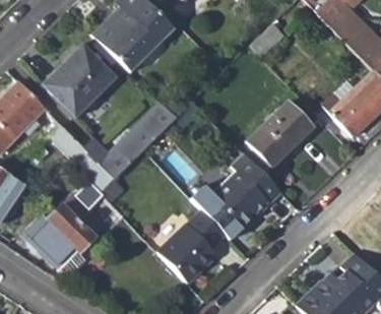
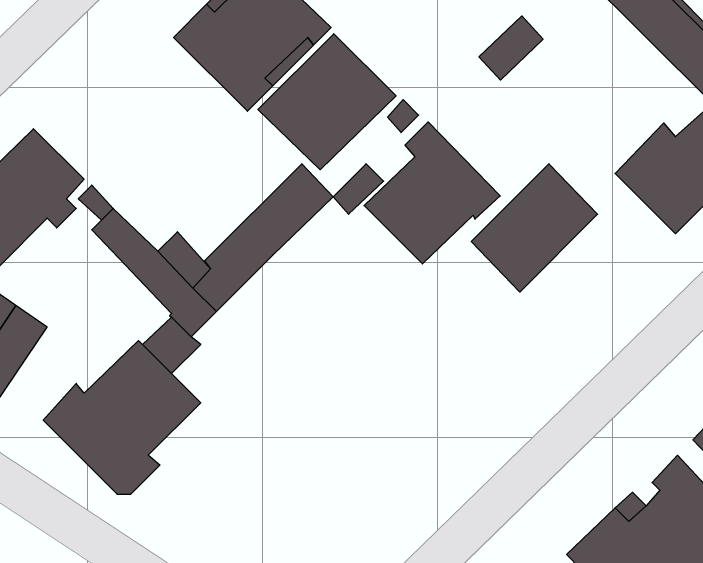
building: [42,46,114,117] -> [258,34,396,170]
building: [210,153,281,228] -> [364,122,500,264]
building: [157,209,226,285] -> none

